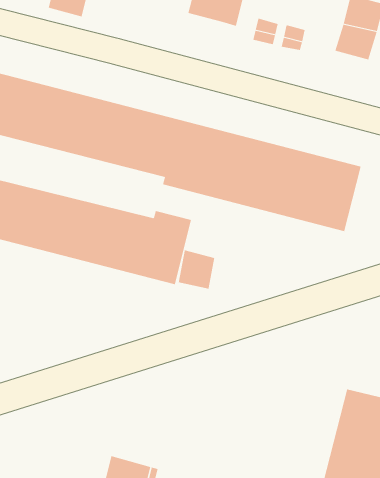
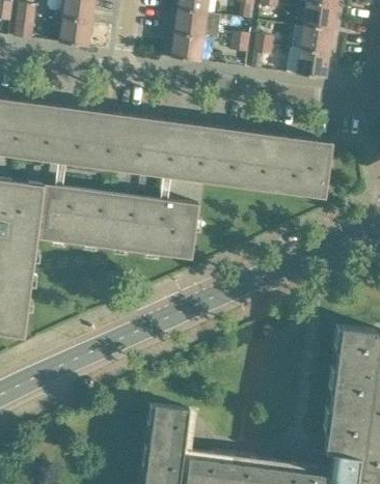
building: none -> [170,35,202,63]
building: none -> [295,52,327,80]
building: [178,249,215,289] -> none

